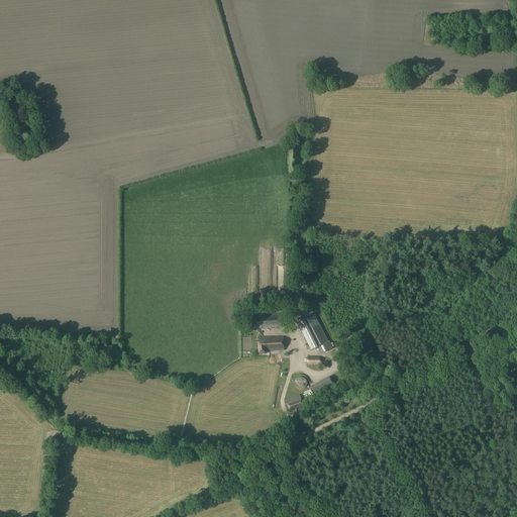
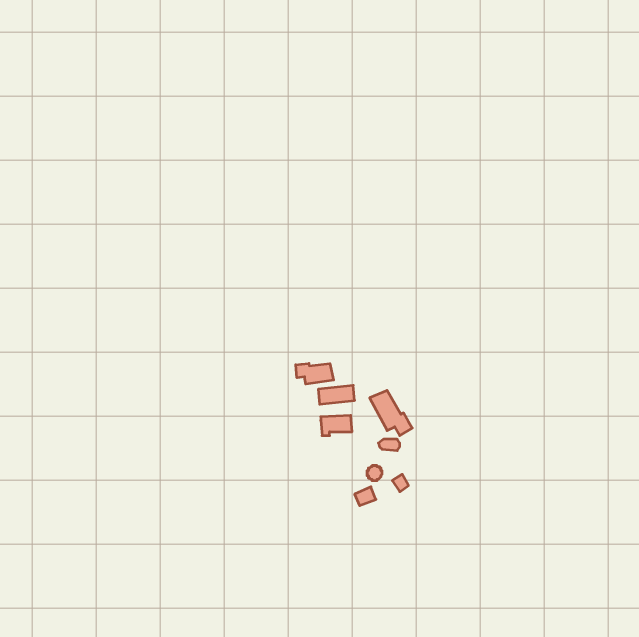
building: none -> [296,363,334,384]

